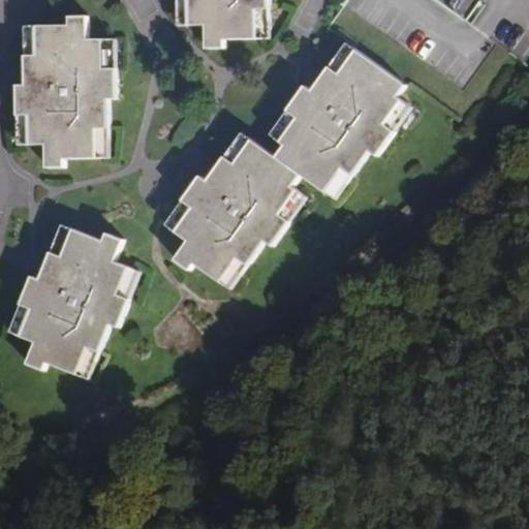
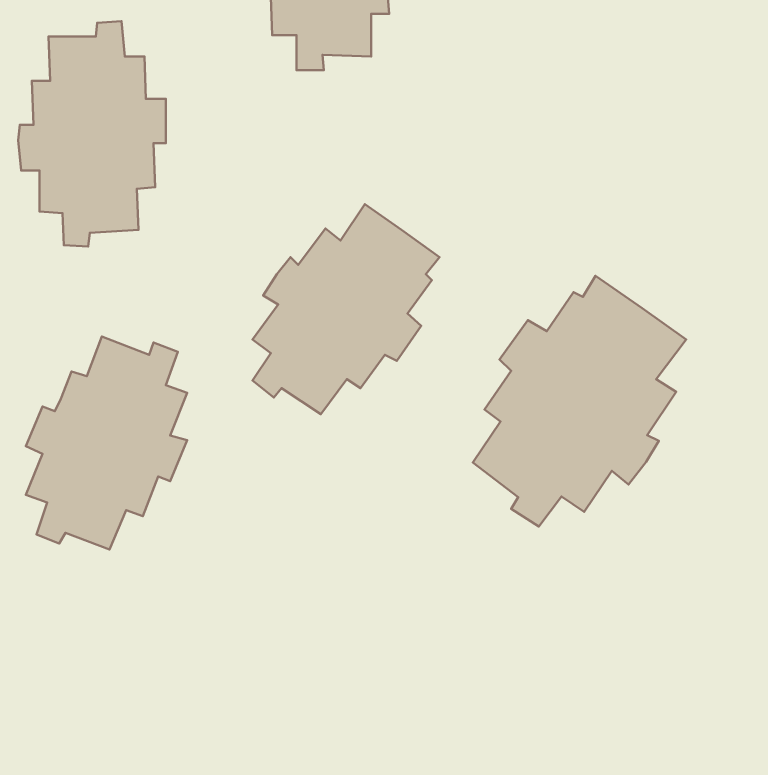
building: [273,49,402,191] -> none
building: none -> [473,276,686,526]

